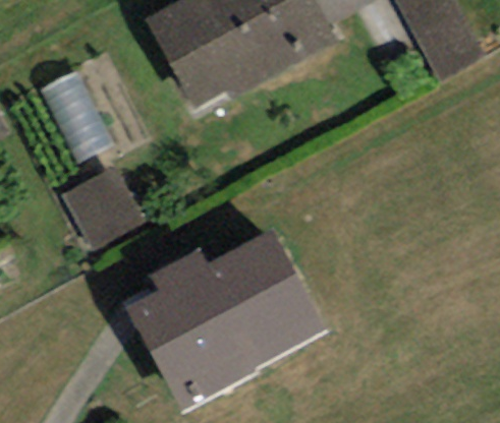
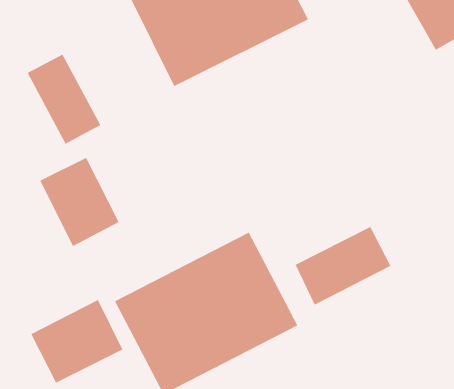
building: none -> [295,226,391,305]
building: none -> [30,299,123,384]

